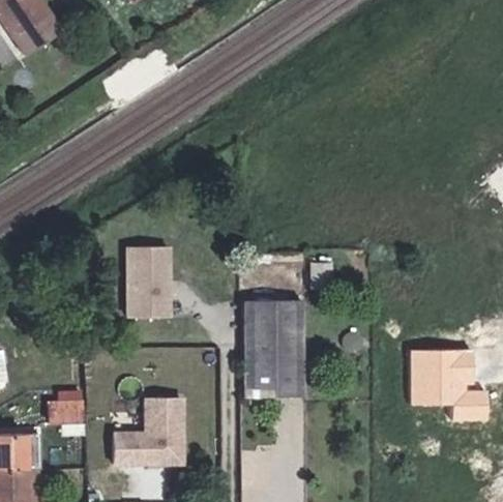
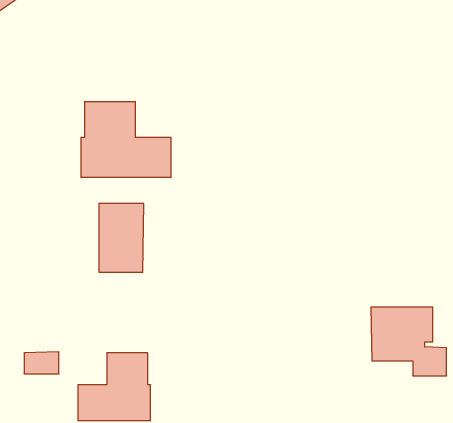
building: none -> [81,101,171,178]
building: [239,302,301,396] -> none

